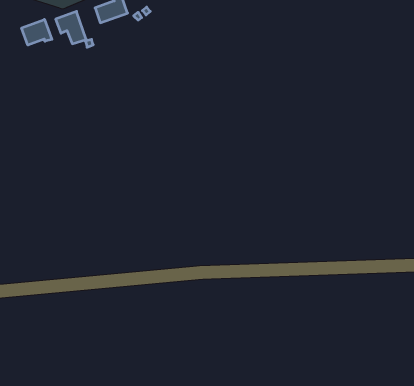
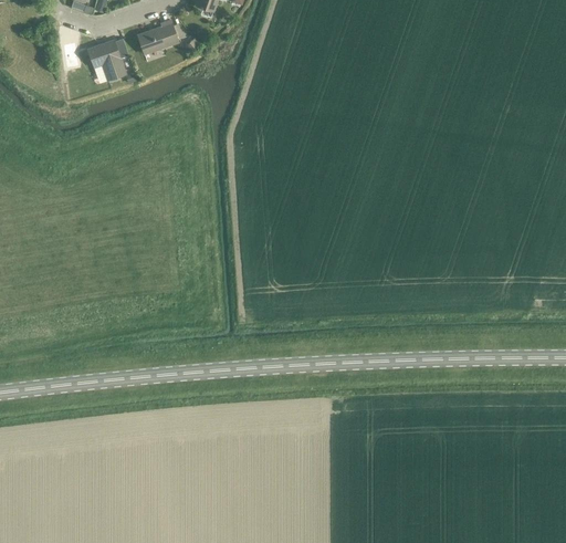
building: [22,19,52,45] -> none

